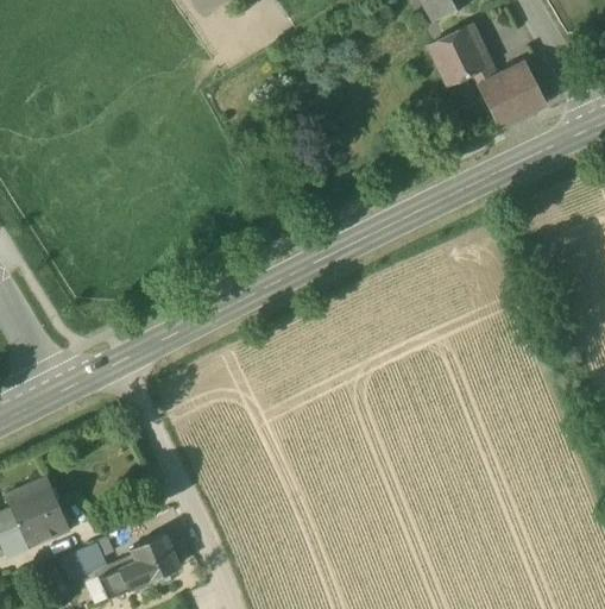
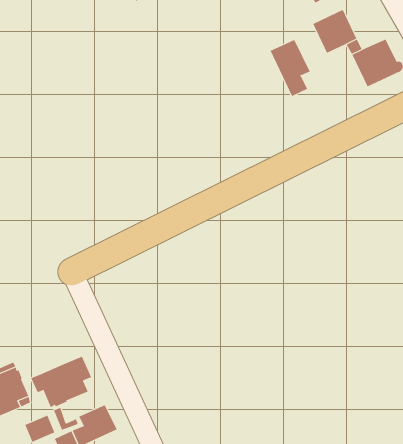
building: none -> [270,39,310,97]
building: none -> [31,356,92,408]

